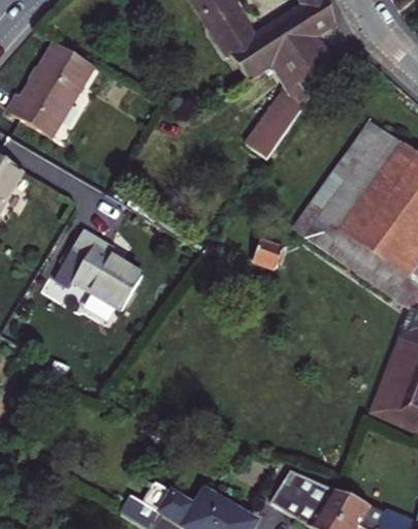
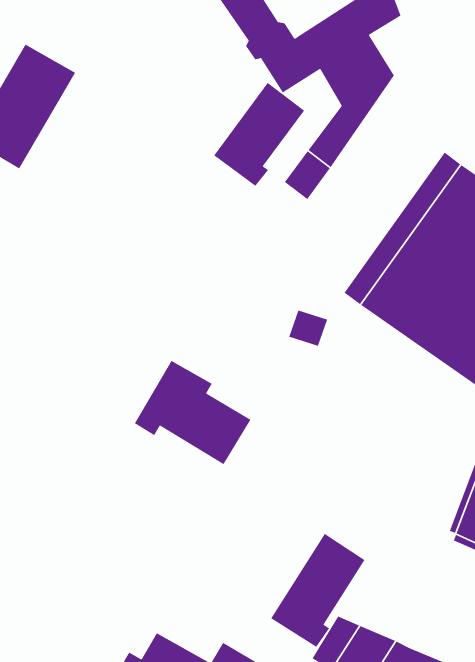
building: none -> [213,82,305,187]
building: [56,230,143,309] -> [134,360,252,465]
building: none -> [270,533,366,648]

